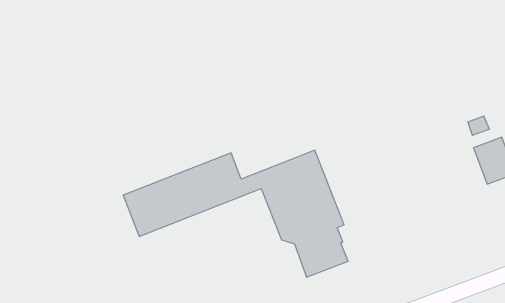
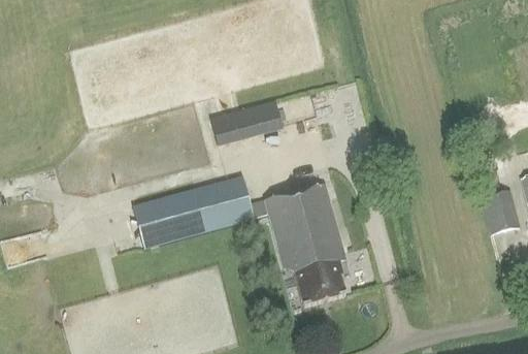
building: none -> [209,99,283,147]

